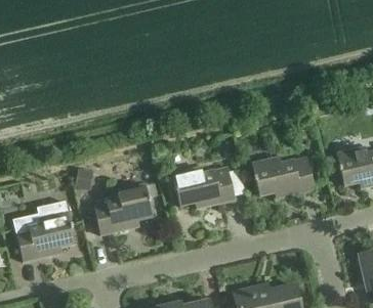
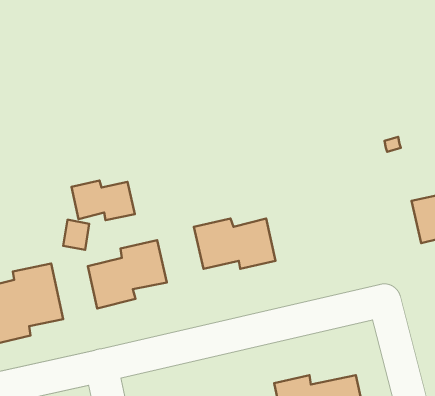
building: none -> [71,180,135,220]
building: [253,158,316,195] -> none

